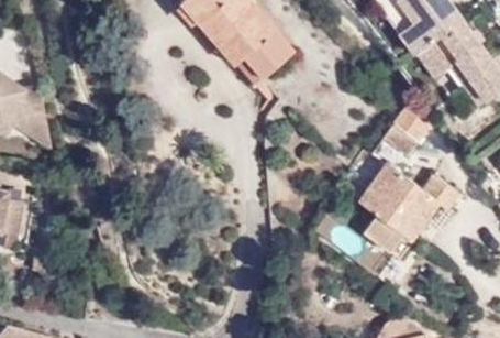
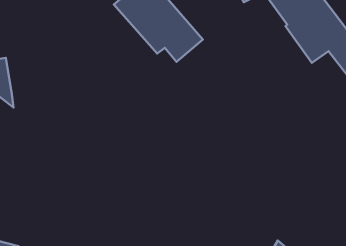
building: [381,99,431,160] -> none
building: [357,167,458,258] -> none

